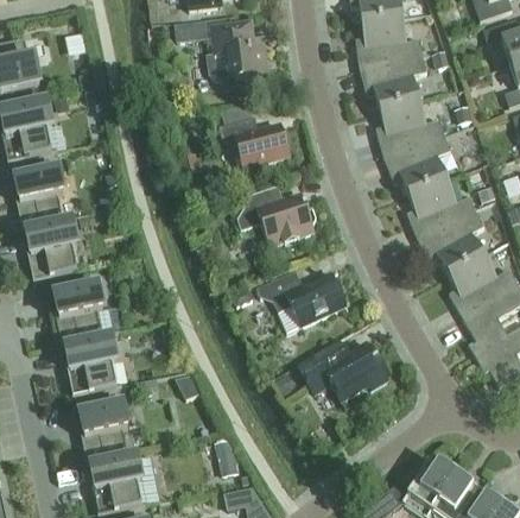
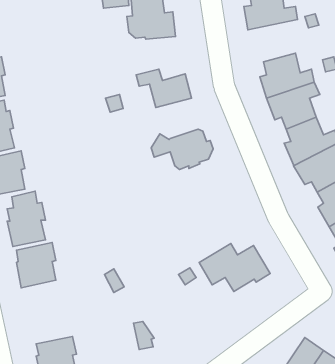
building: [360,55,427,108] -> none
building: [258,269,347,324] -> none
building: [80,391,128,461] -> none

